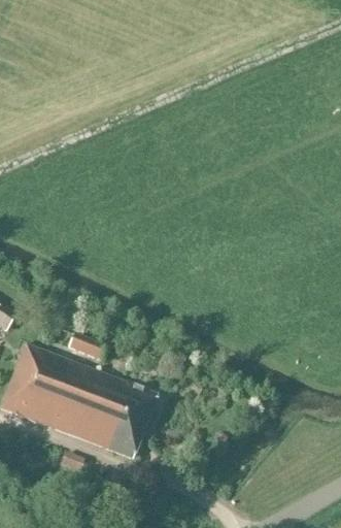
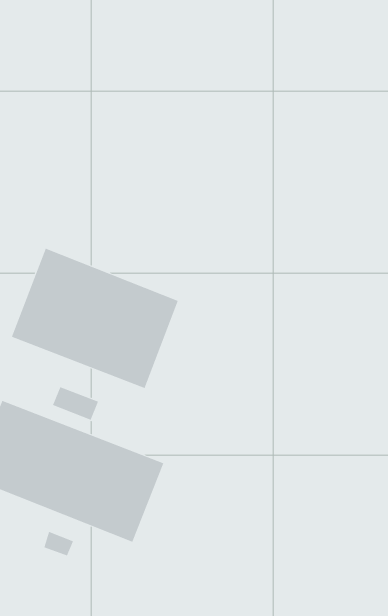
building: none -> [11,248,179,389]

